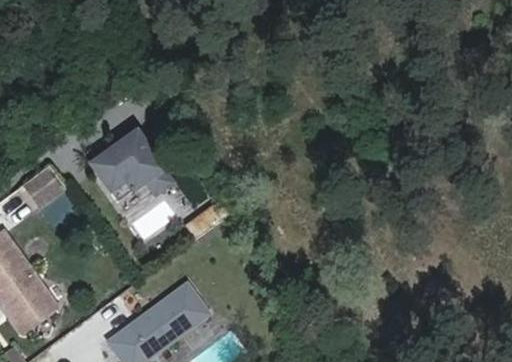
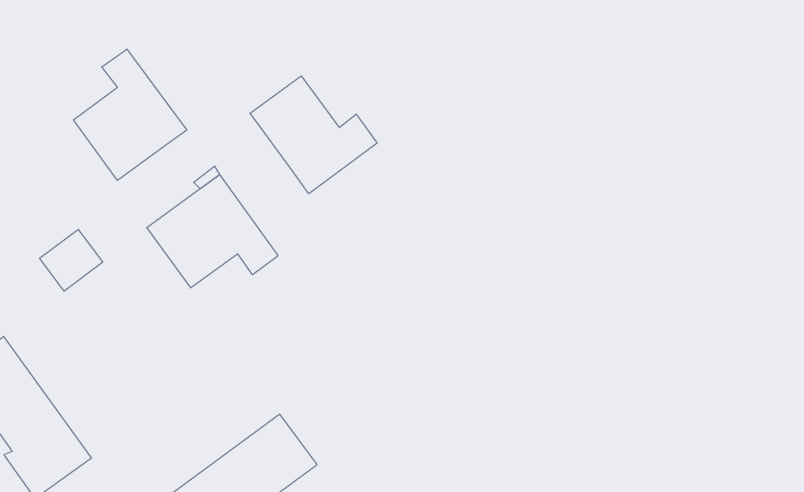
building: none -> [73,49,187,180]
building: none -> [250,76,377,194]

